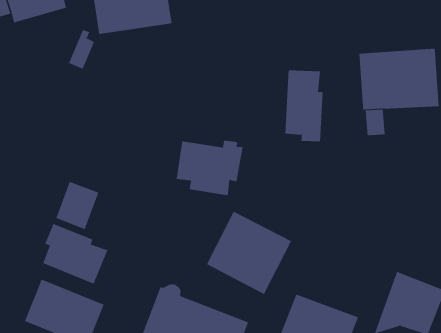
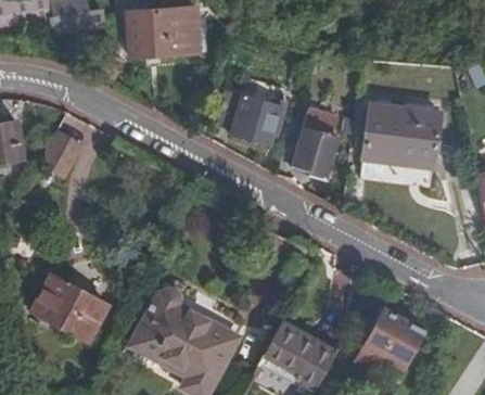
building: [176,140,243,196] -> [225,91,291,148]
building: [55,181,99,230] -> [39,132,82,179]
building: [206,211,292,295] -> none
building: [43,223,108,284] -> none

